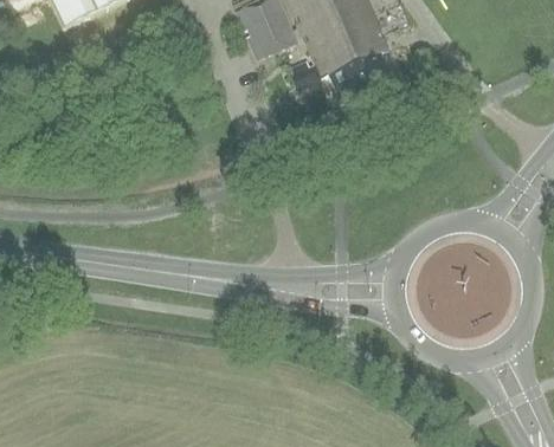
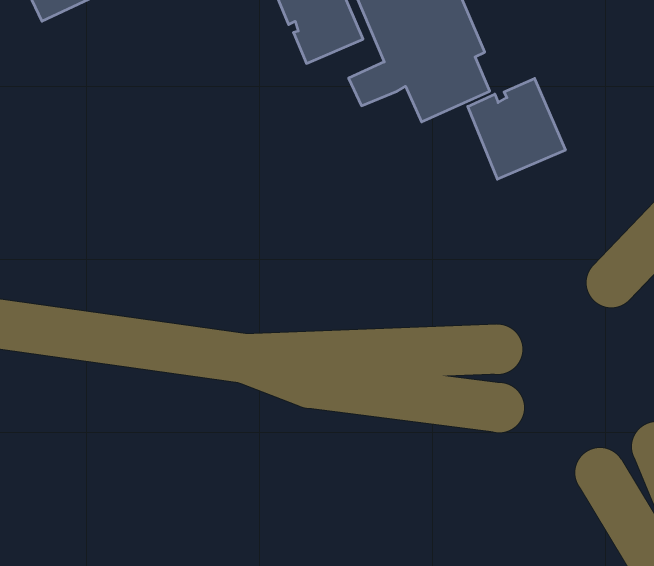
building: none -> [468,78,565,179]

